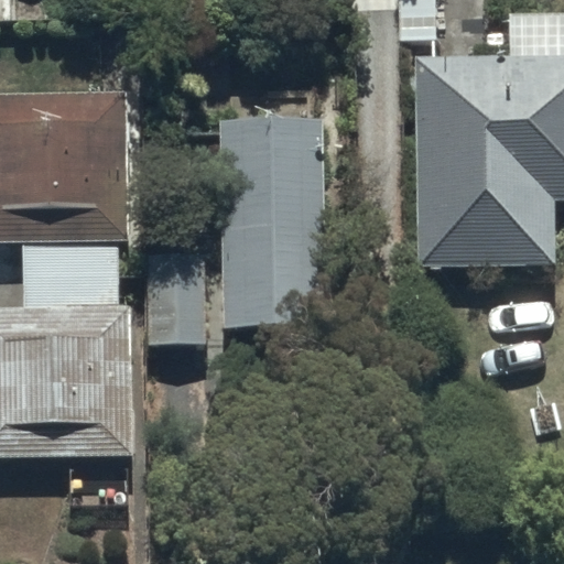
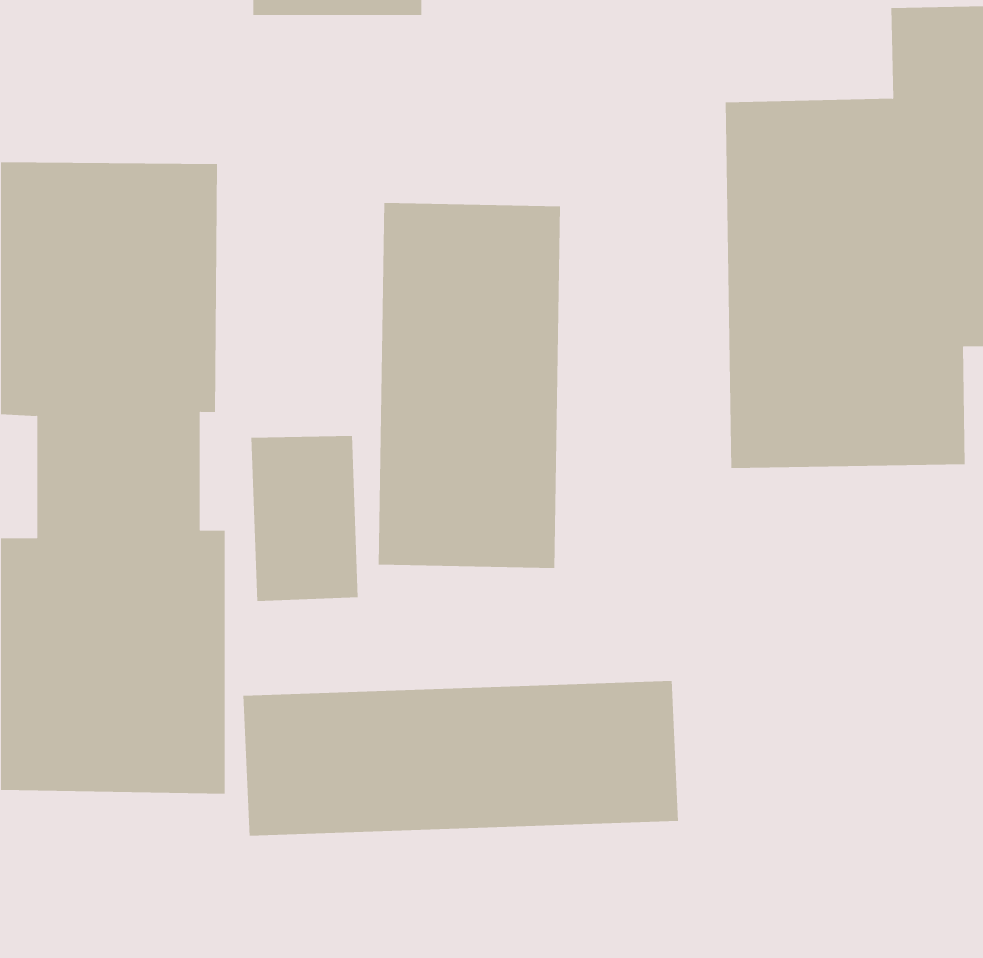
building: none -> [243,680,678,837]

